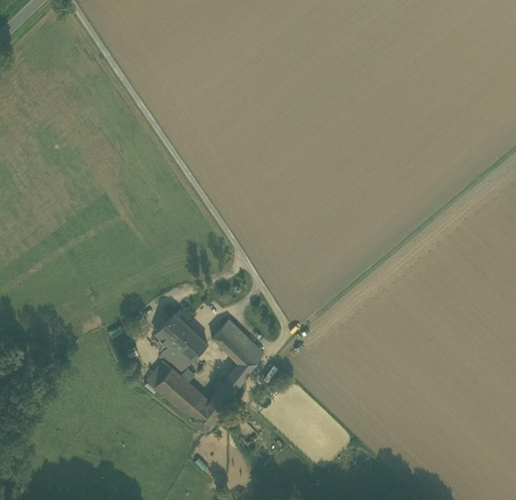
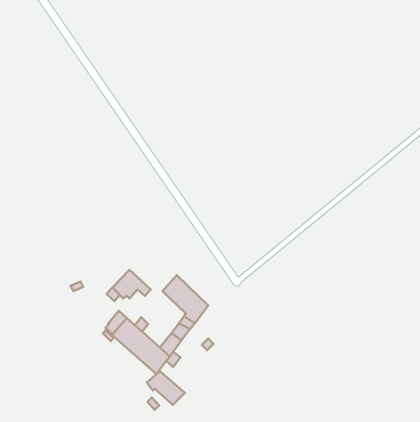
building: [160,335,207,371] -> none
building: none -> [147,371,185,405]

